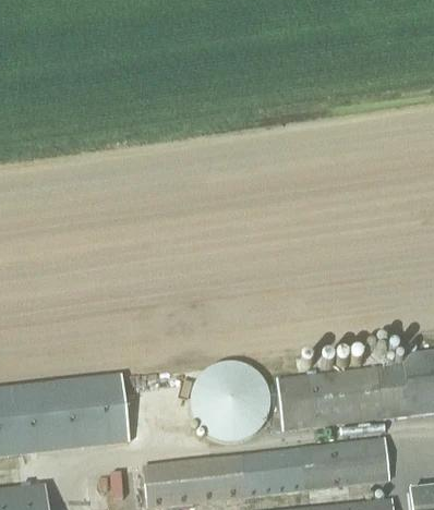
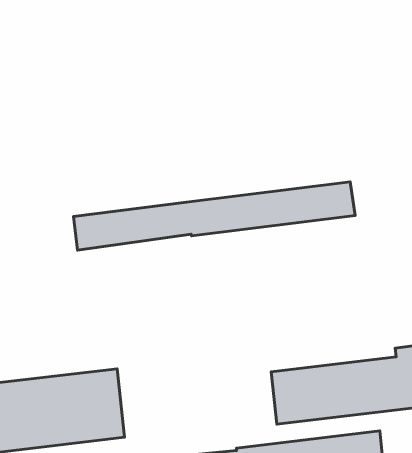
building: none -> [74,182,355,250]
building: [189,364,267,442] -> none

